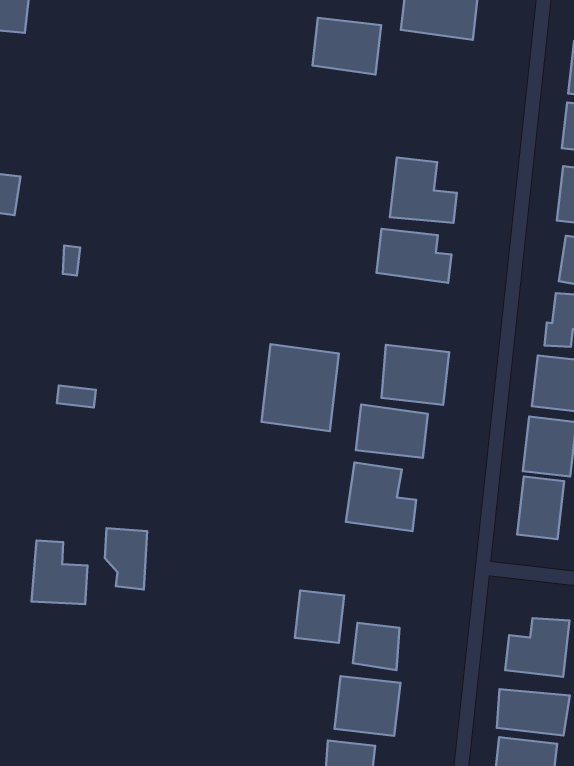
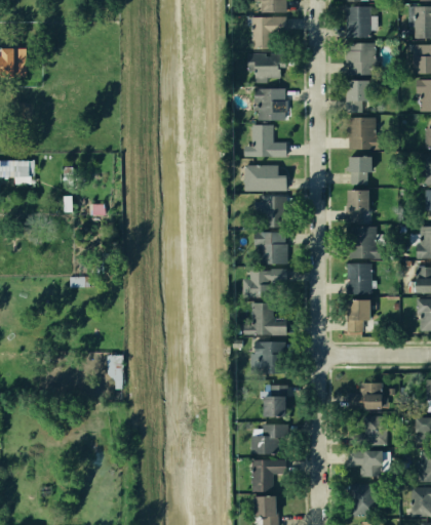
building: [312,18,381,74] -> [244,54,281,83]
building: none -> [256,88,285,119]
building: none -> [258,196,288,227]
building: [262,344,339,431] -> none
building: [32,541,87,604] -> none
building: [295,590,344,643] -> [253,342,279,370]

